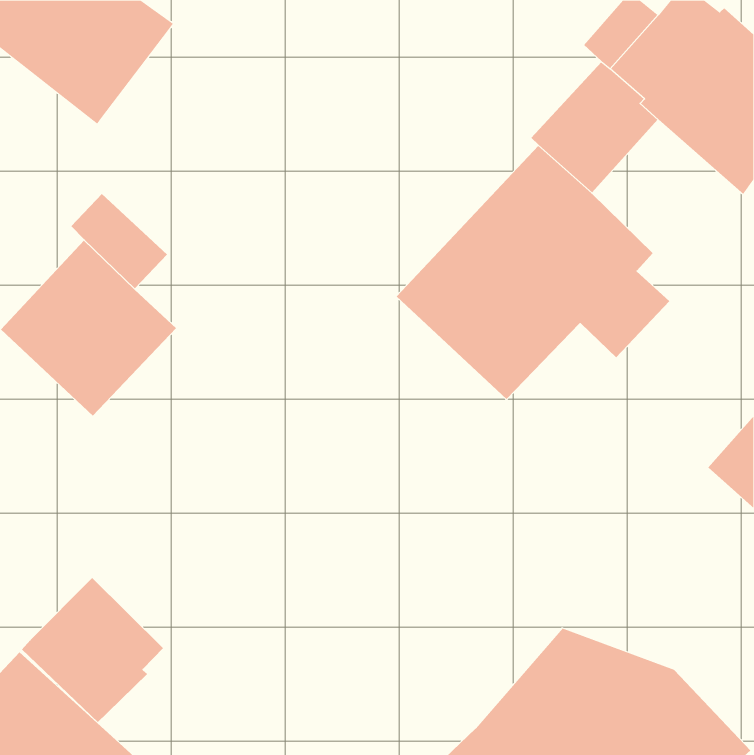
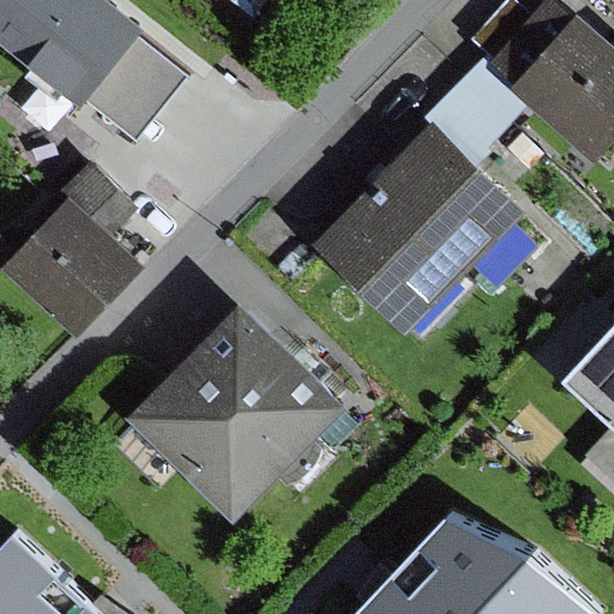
building: none -> [82,38,182,142]
building: none -> [127,300,348,519]
building: [21,577,164,723] -> none

